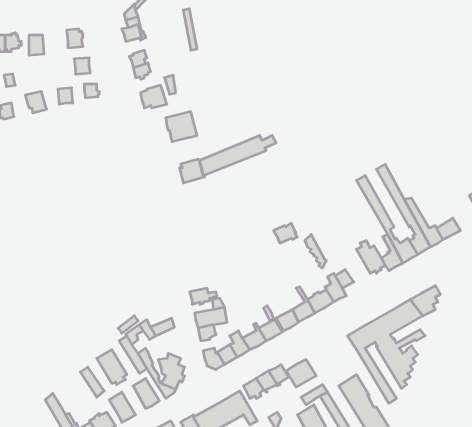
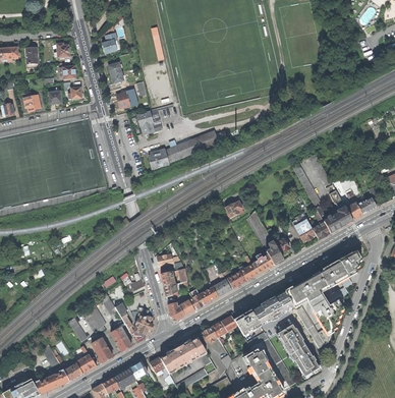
building: none -> [251,292,292,325]

